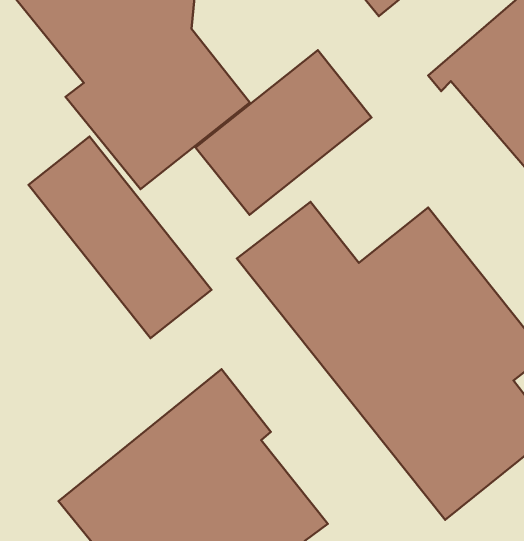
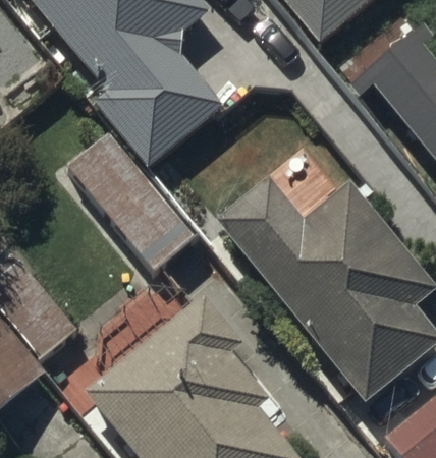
building: [196,50,372,215] -> none

